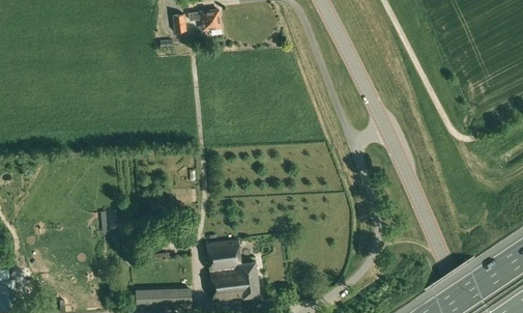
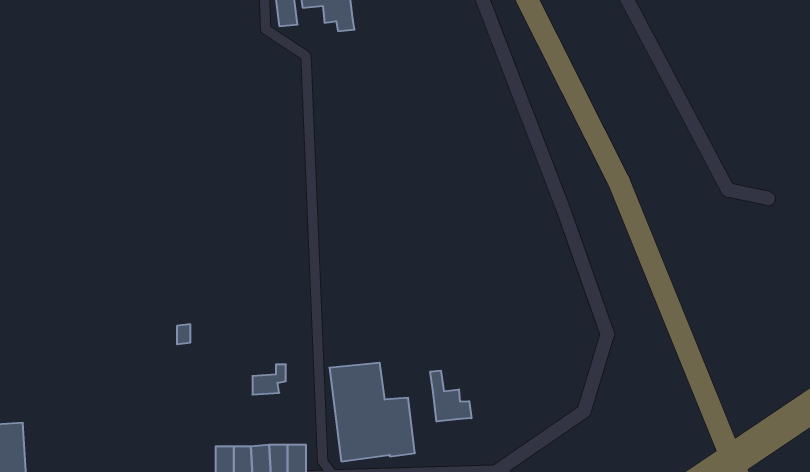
building: none -> [430,371,471,422]

